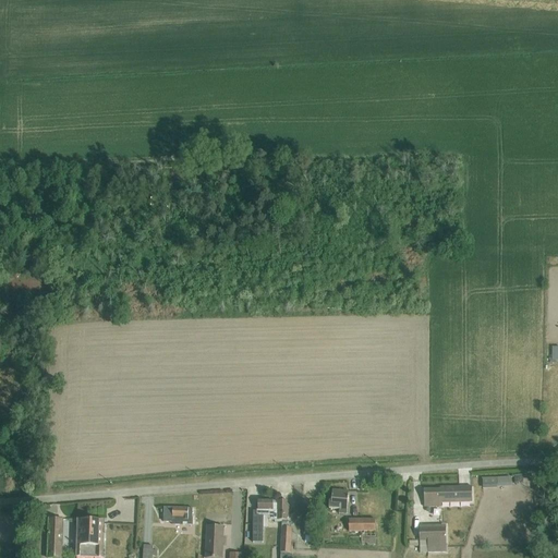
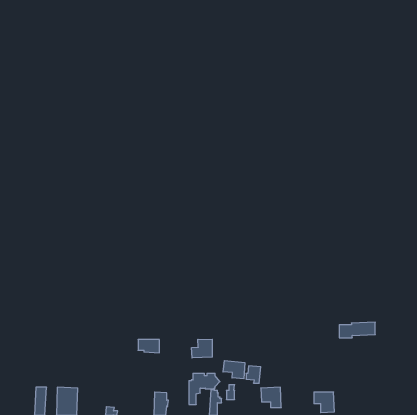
building: none -> [192,339,212,358]
building: none -> [223,361,245,379]
building: [423,484,471,505] -> [339,322,375,338]
building: [163,506,192,523] -> [138,340,159,353]

